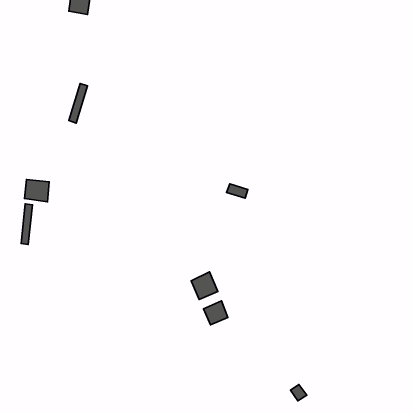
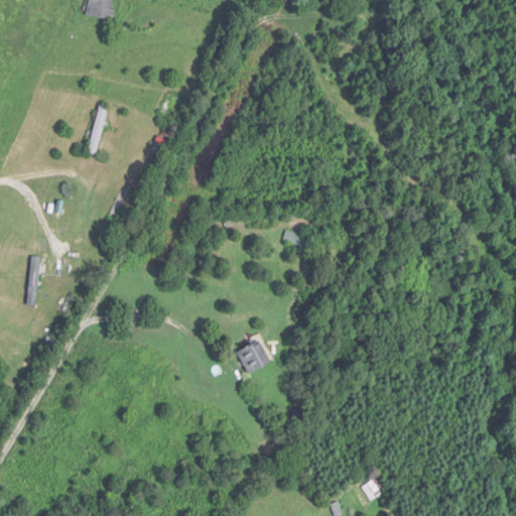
building: [24,179,49,202] -> none
building: [204,301,228,325] -> none

